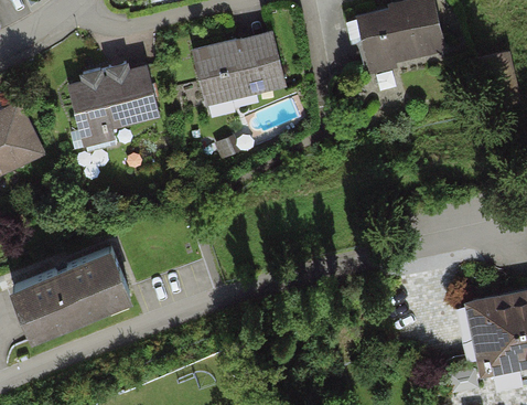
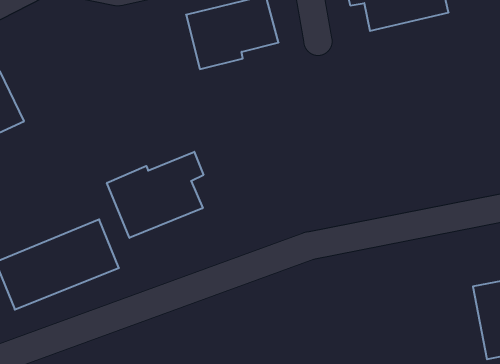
building: [69,63,158,147] -> none
building: none -> [107,152,203,238]

